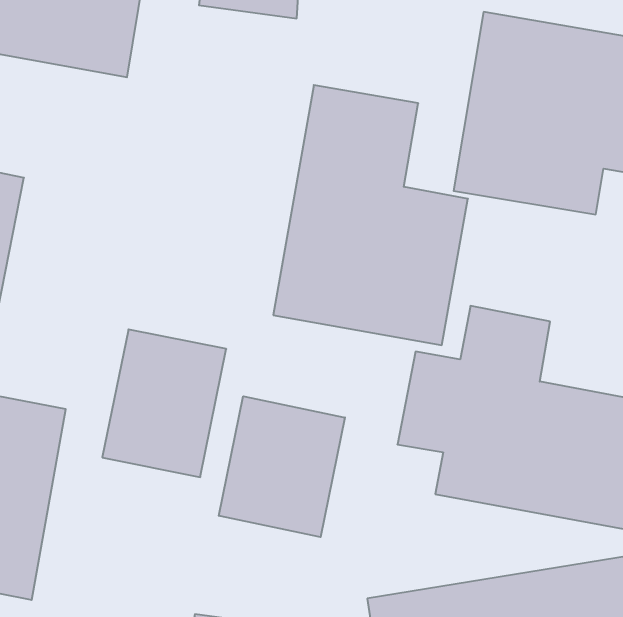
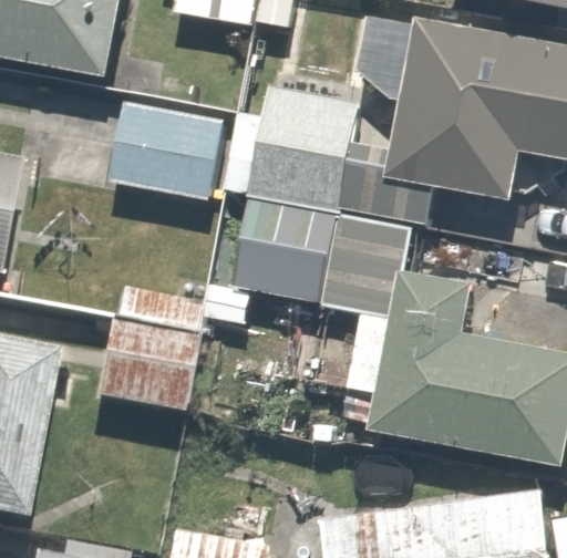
building: none -> [109,104,220,198]
building: [219,396,345,537] -> none

